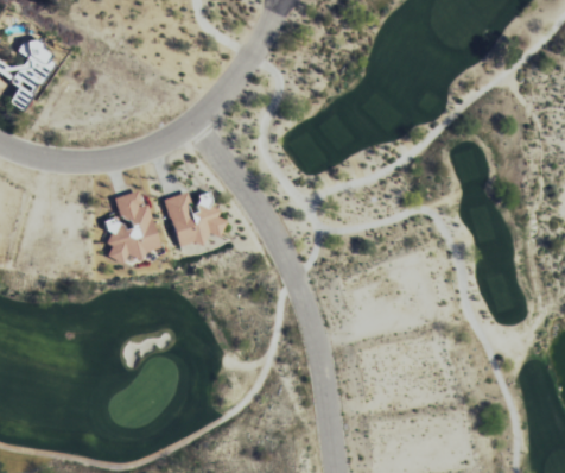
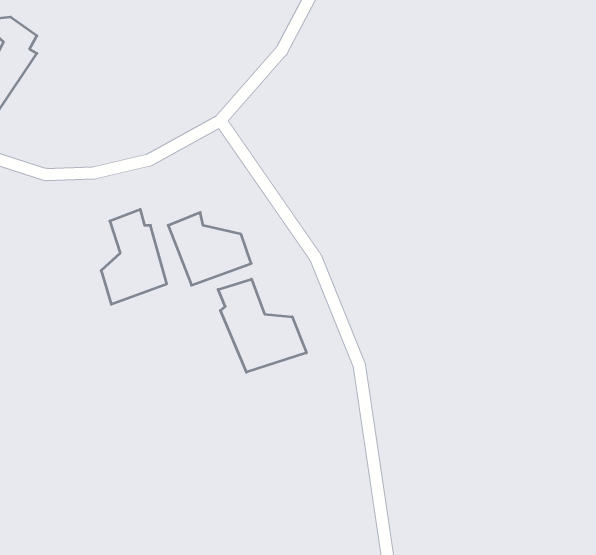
building: none -> [218,279,306,372]

